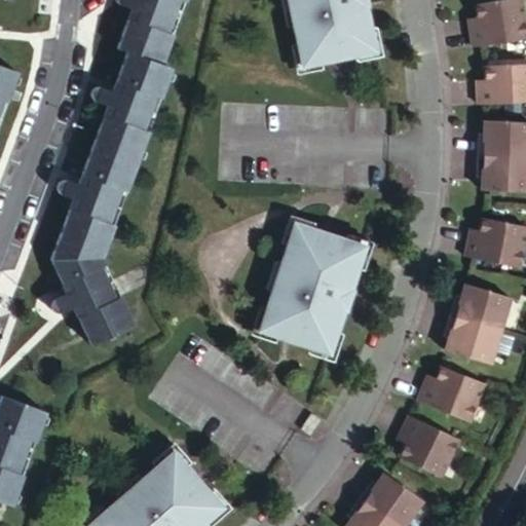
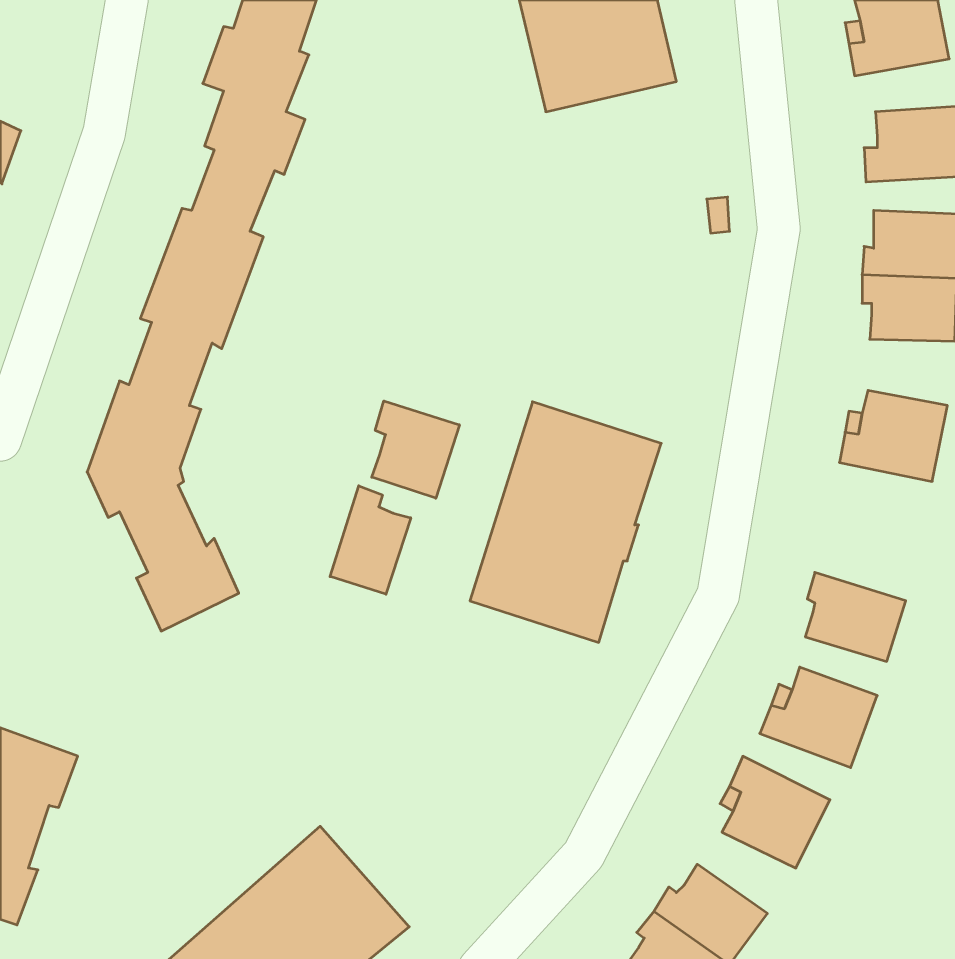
building: none -> [372,401,459,498]
building: none -> [330,486,411,594]
building: [449,284,509,331] -> none

